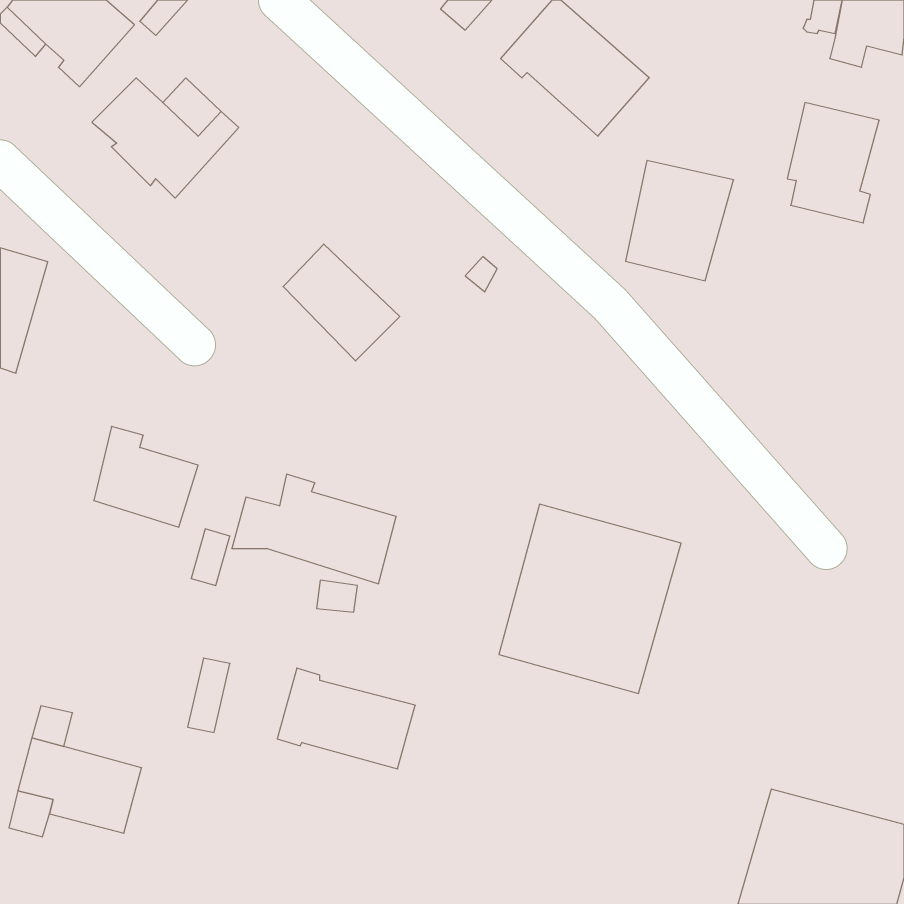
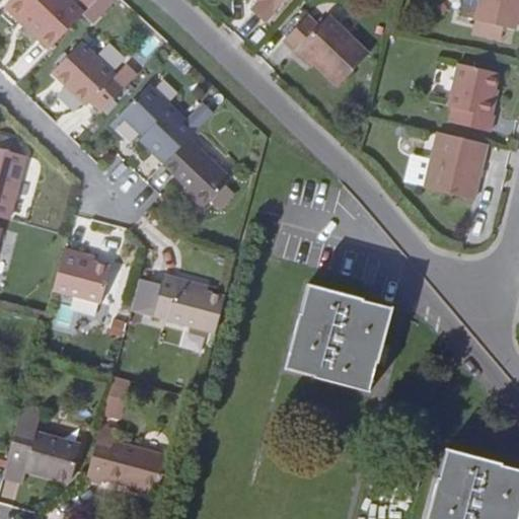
building: none -> [120,85,212,162]
building: [626,160,734,281] -> [431,127,493,196]
building: [277,668,415,769] -> [88,434,167,492]

